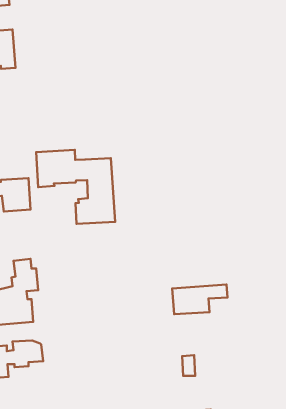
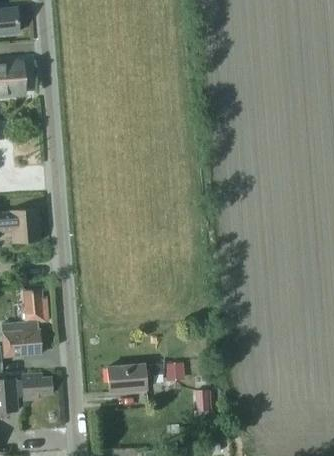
building: [36,150,115,224] -> none
building: [172,285,227,314] -> [107,362,163,392]

